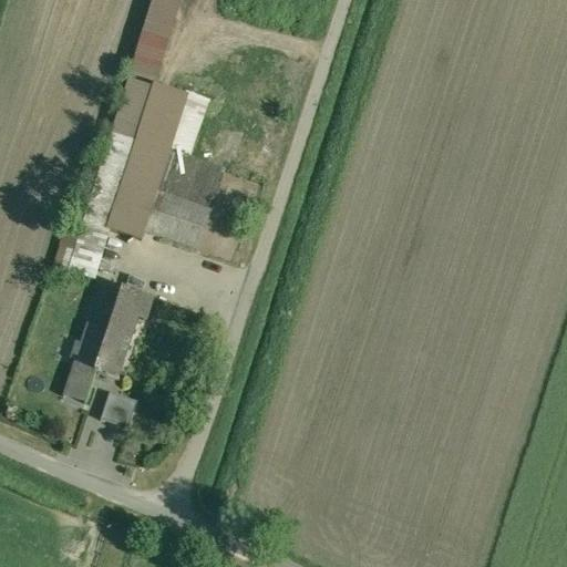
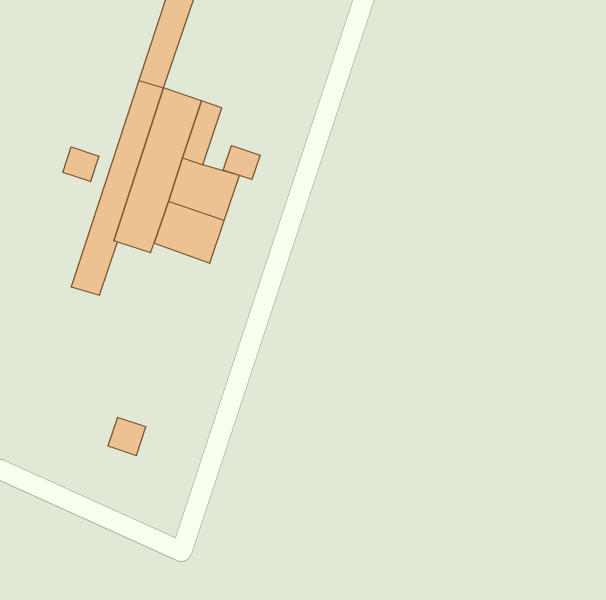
building: none -> [223,146,260,180]
building: none -> [63,147,99,182]
building: [63,285,145,400] -> none

